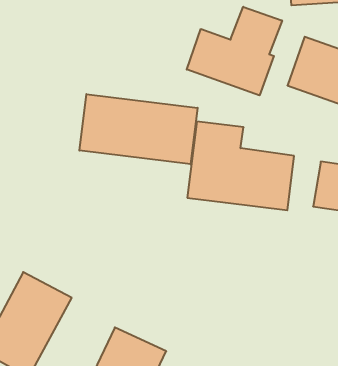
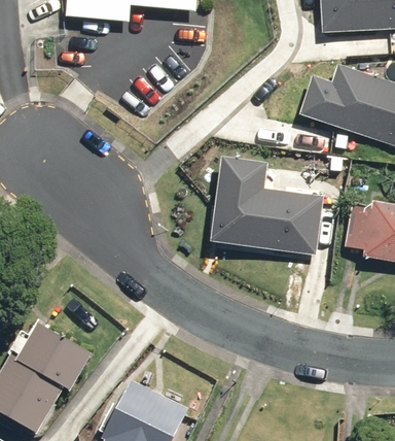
building: [187,7,282,95] -> none
building: [79,94,198,164] -> none

